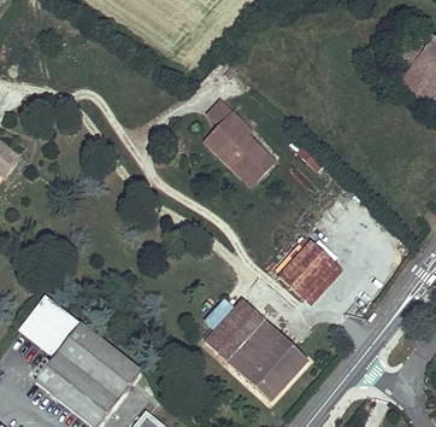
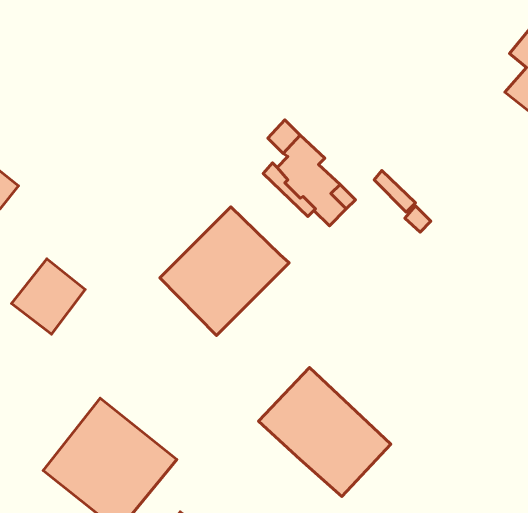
building: none -> [160,207,289,335]
building: [277,241,341,305] -> none
building: [18,291,76,350] -> [11,259,85,334]

